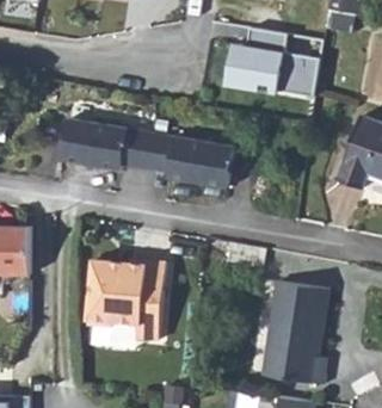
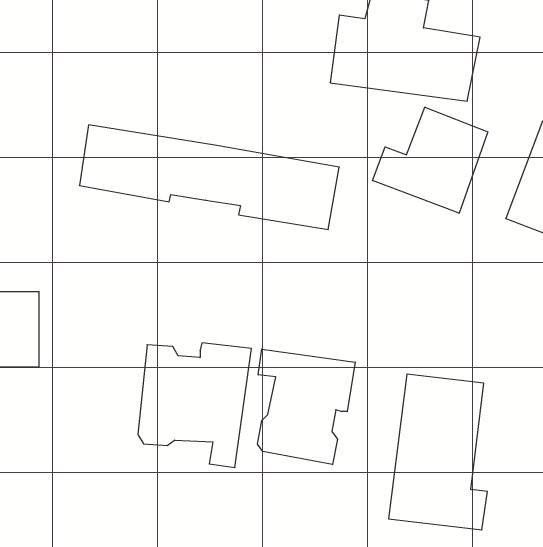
building: none -> [373,107,488,213]
building: none -> [257,349,355,465]

